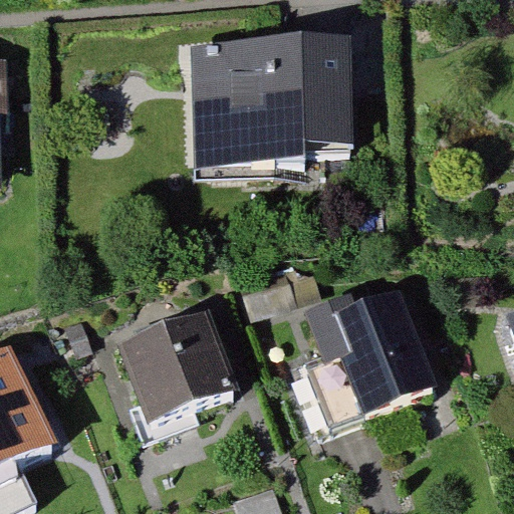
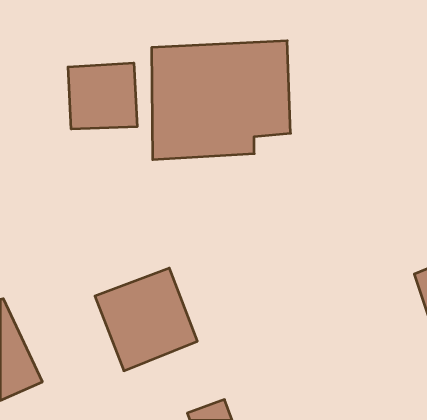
building: none -> [68,63,137,129]
building: [303,285,439,416] -> none

